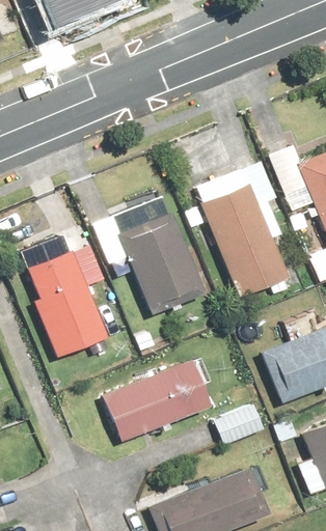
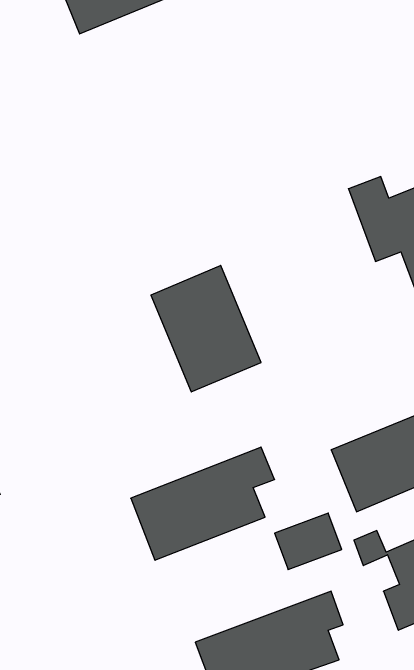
building: [188,169,288,295] -> none
building: [22,230,109,358] -> none

